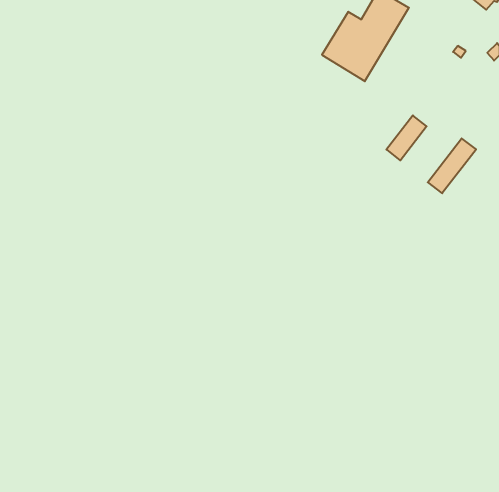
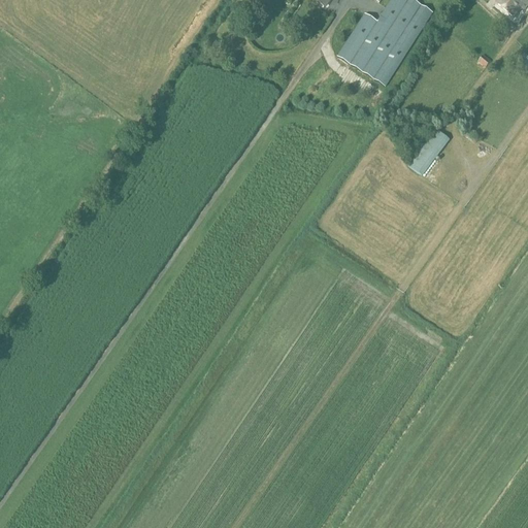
building: [428,138,476,193] -> none

